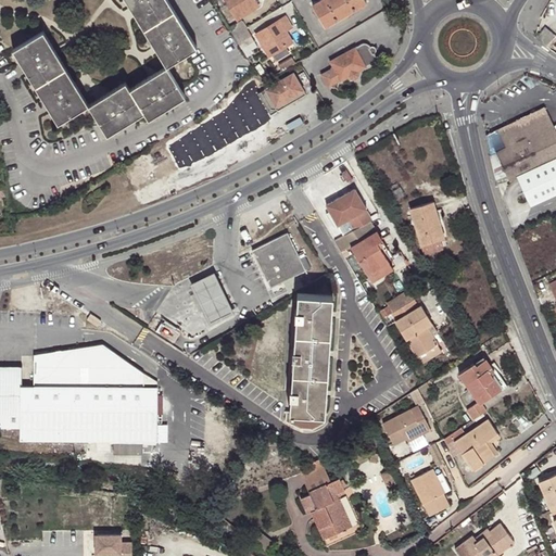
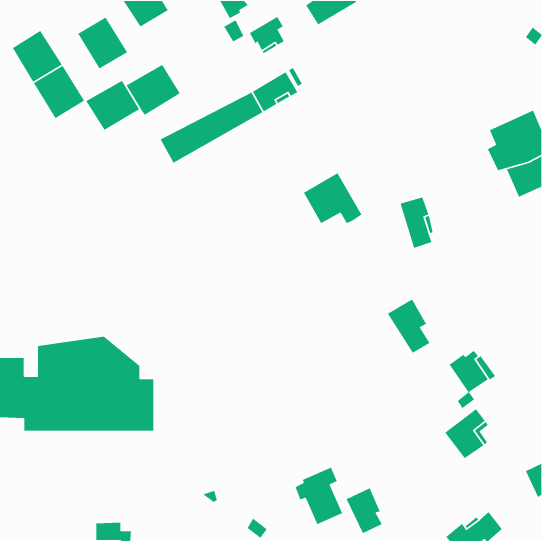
building: [143,13,195,67] -> [77,16,128,70]
building: [320,46,376,90] -> none
building: [339,222,390,283] -> none
building: [250,232,305,289] -> none
building: [191,276,235,328] -> none
building: [383,290,417,323] -> none
building: [285,293,332,430] -> none
building: [382,403,437,444] -> none
building: [410,468,448,516] -> [346,487,383,534]

